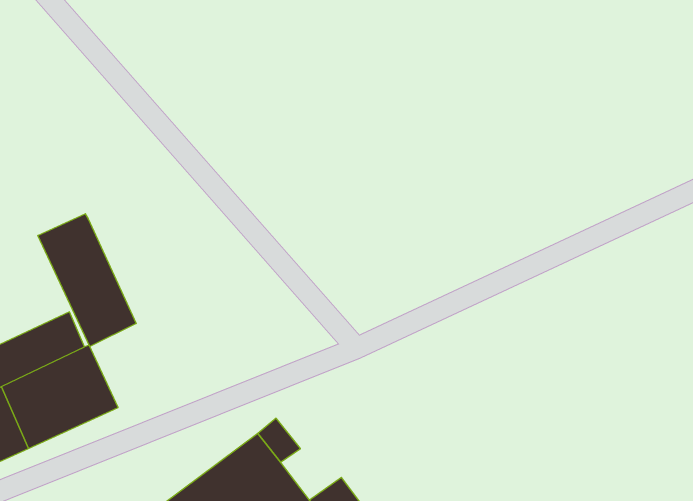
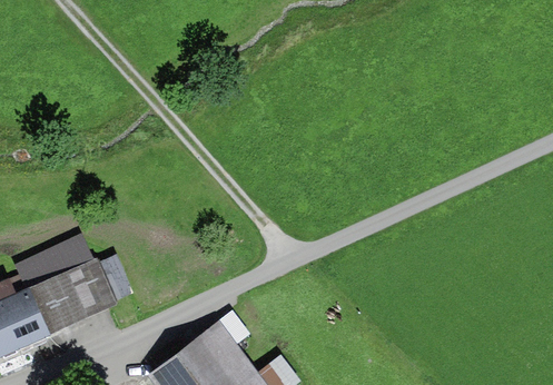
building: [38,214,136,347] -> none

